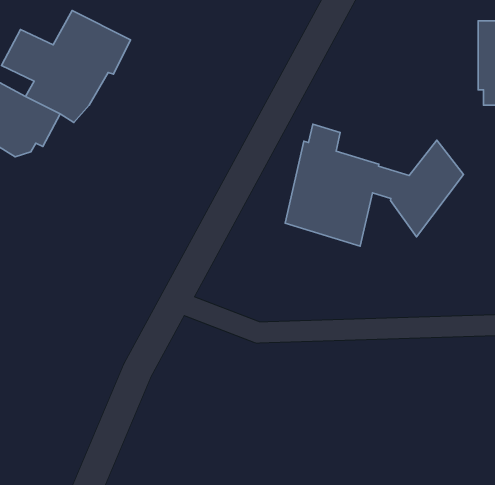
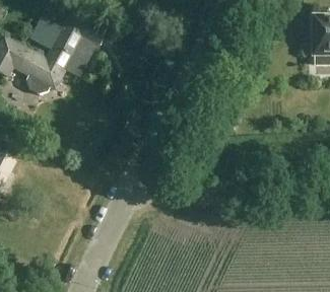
building: [285,124,463,246] -> none

